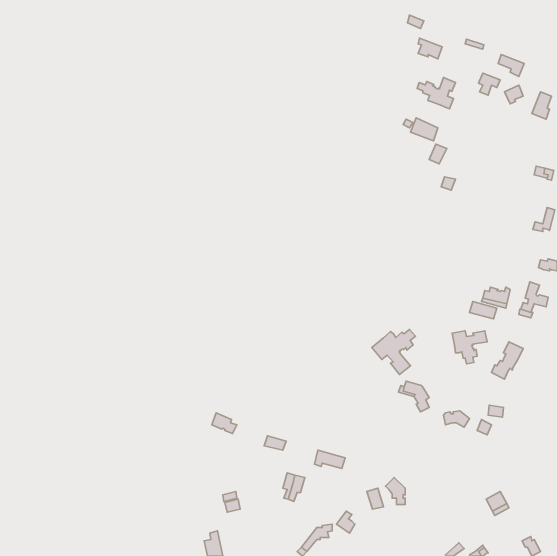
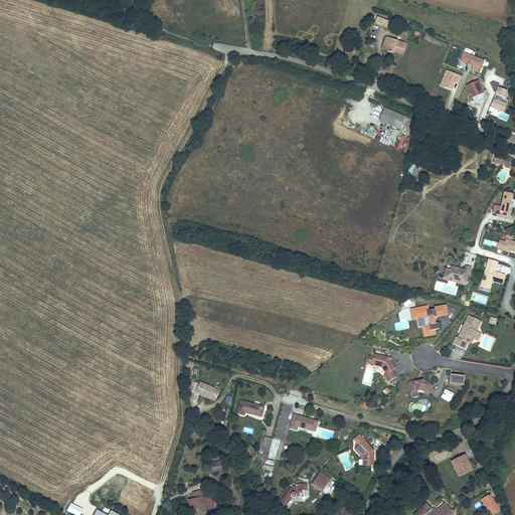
building: [417,77,456,109] -> none
building: [372,329,415,374] -> none

